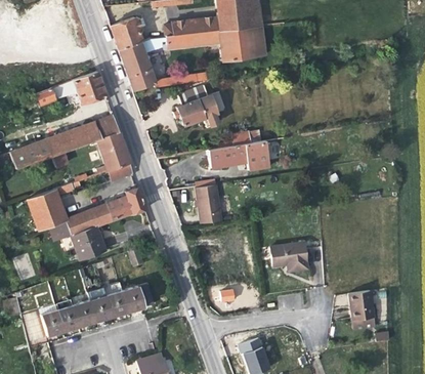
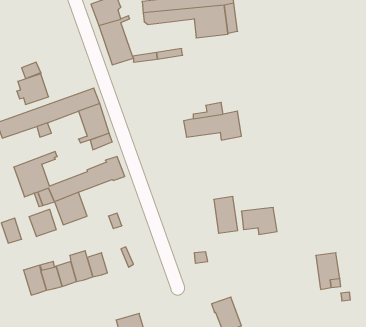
building: [73,71,107,103] -> [17,74,49,104]
building: [177,85,217,125] -> none
building: [196,184,221,223] -> [214,197,238,233]
building: none -> [29,209,56,237]
building: [122,285,144,311] -> none

